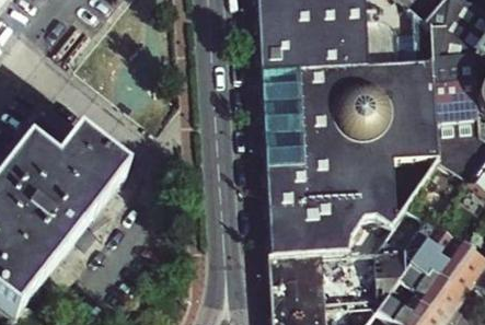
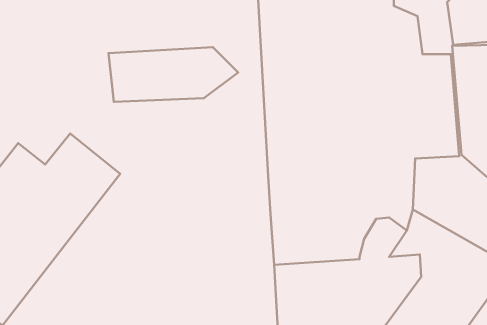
building: none -> [109,47,238,102]

